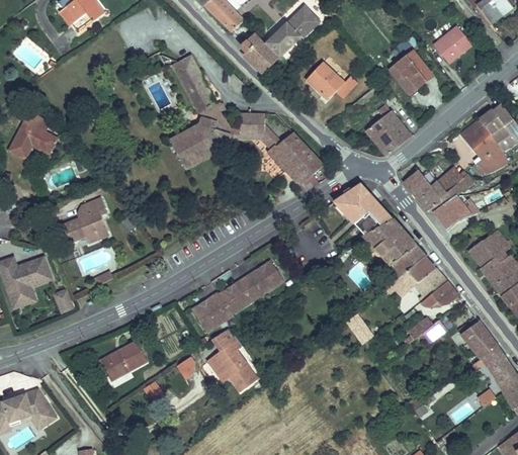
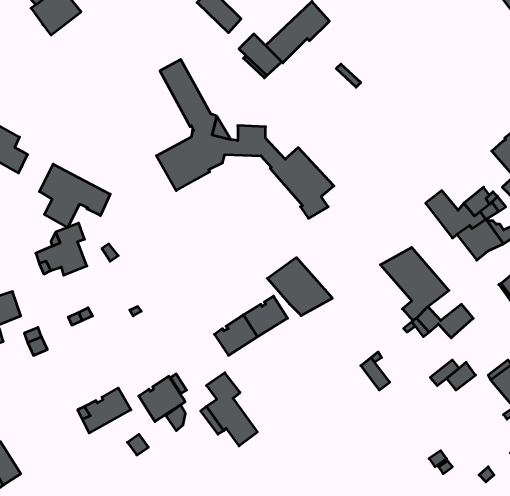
building: [434,25,471,63] -> none
building: [390,39,432,96] -> none
building: [306,62,357,99] -> none
building: [366,103,411,155] -> none
building: none -> [39,164,110,227]
building: [335,183,392,234] -> [267,258,332,316]
building: [406,256,435,282] -> none
building: [421,280,458,306] -> none
building: [192,292,233,332] -> [139,376,185,422]

